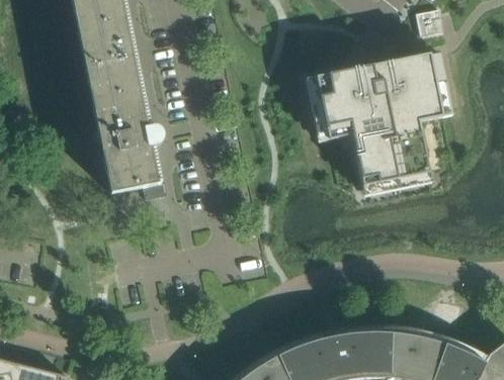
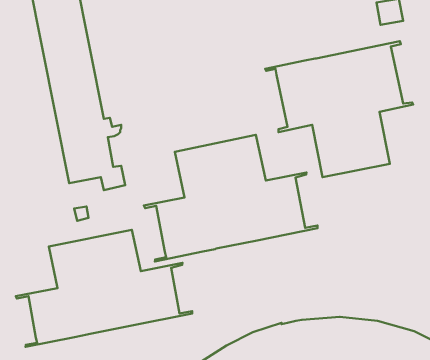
building: none -> [144,135,318,261]
building: none -> [16,230,192,347]

